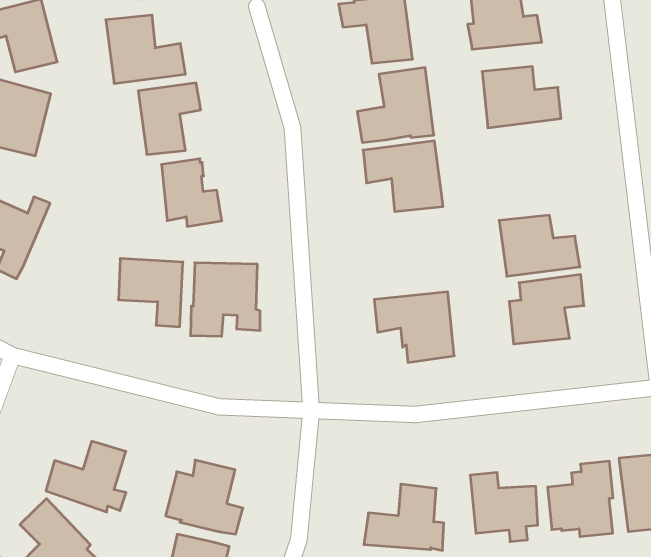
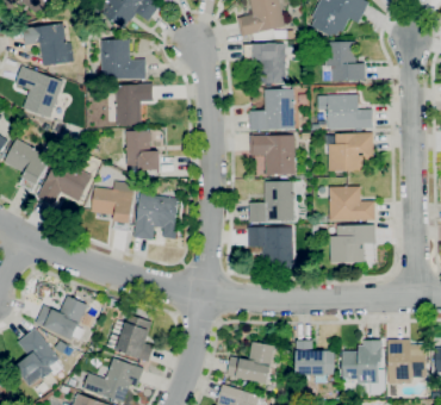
building: none -> [325,133,374,172]
building: none -> [249,181,302,223]
building: none -> [37,162,93,207]

